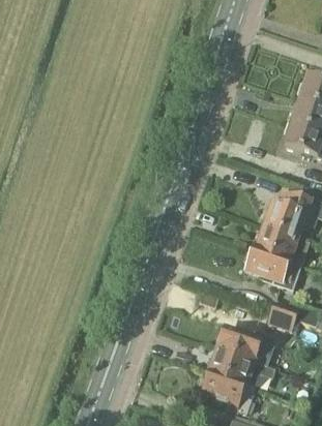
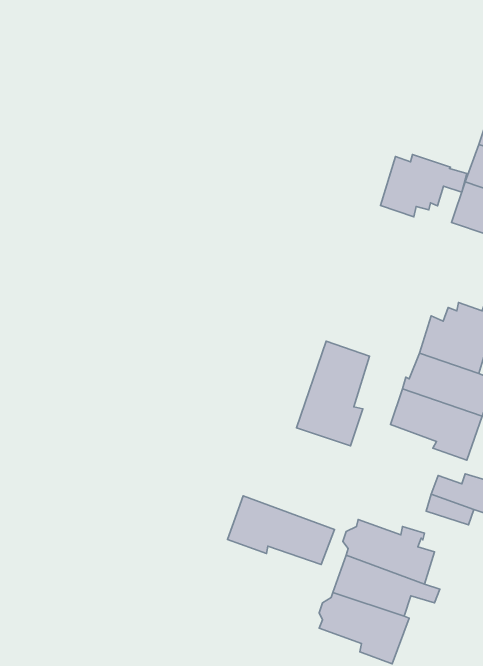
building: none -> [380,155,467,217]
building: none -> [297,341,369,446]
building: none -> [227,496,334,565]

